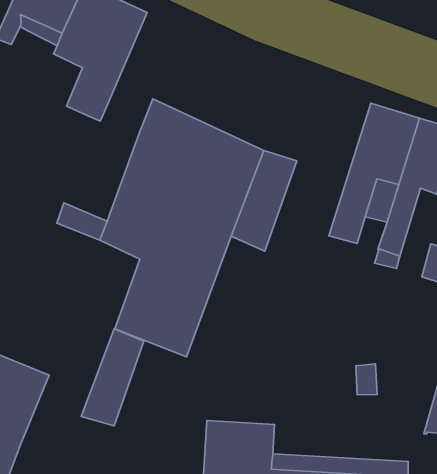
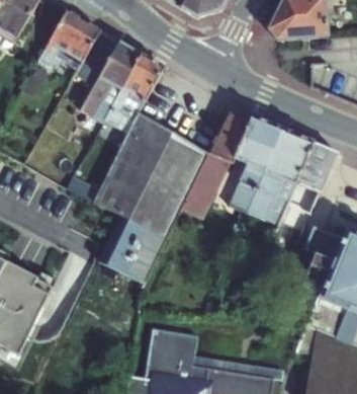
building: none -> [105,53,165,132]
building: none -> [209,105,283,213]
building: [81,329,144,426] -> none

